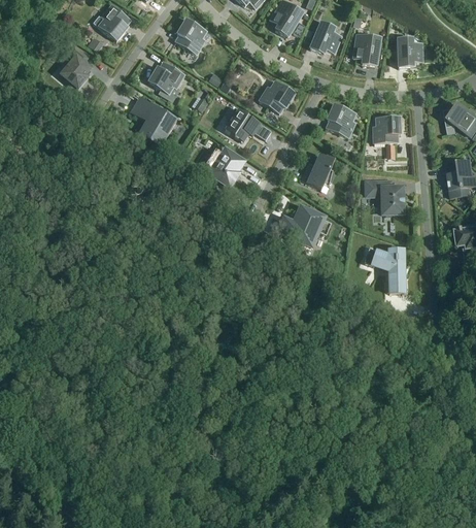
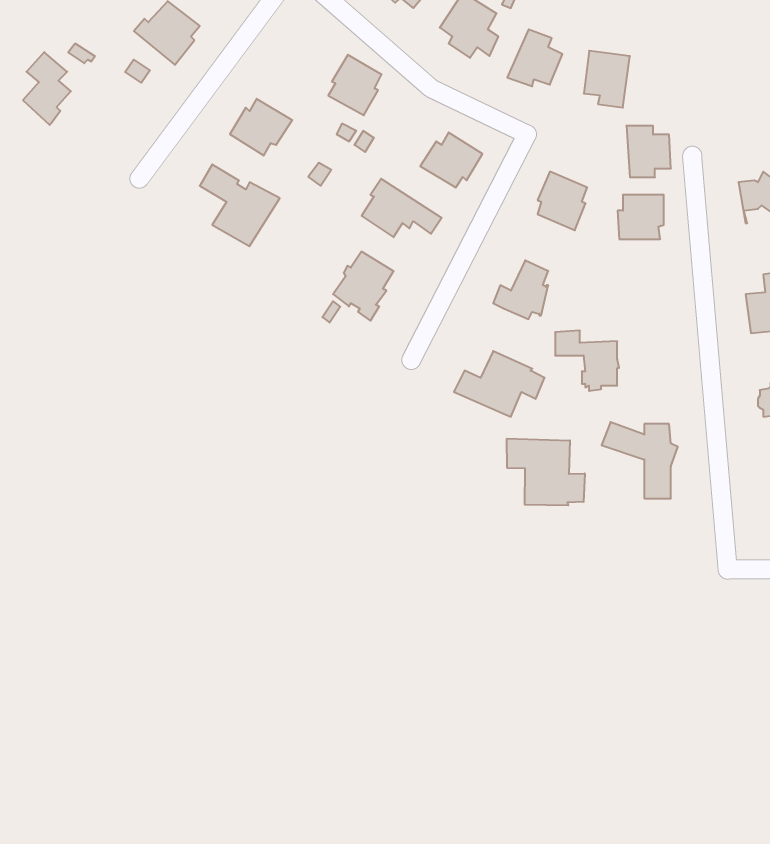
building: [175,19,206,54] -> [328,55,382,115]
building: [397,37,422,67] -> [626,126,671,177]
building: [62,45,90,88] -> [23,52,71,125]
building: [366,180,403,216] -> [555,331,619,391]
building: none -> [507,439,585,505]

